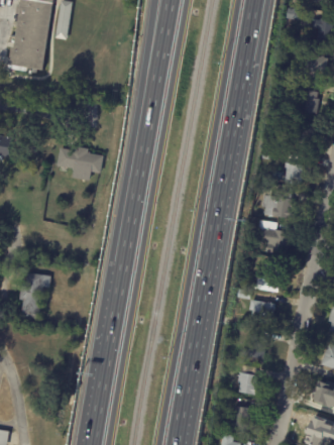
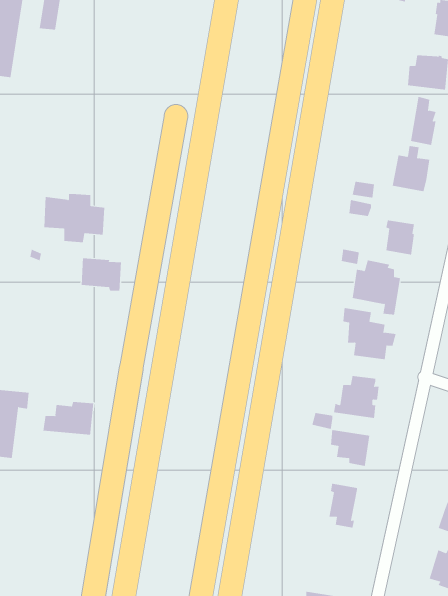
building: none -> [81,258,121,292]
building: none -> [43,401,94,436]
building: [236,365,256,395] -> none

